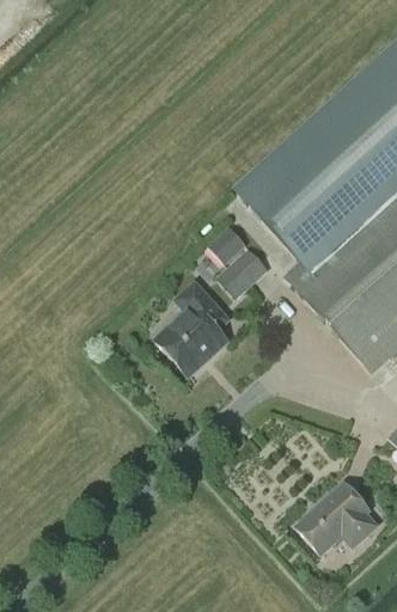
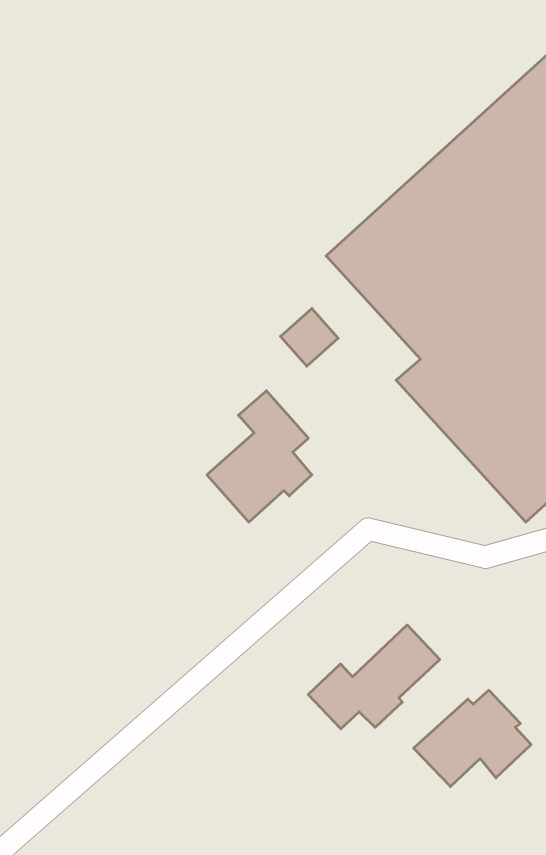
building: [213,245,267,298] -> none
building: none -> [308,625,440,729]

